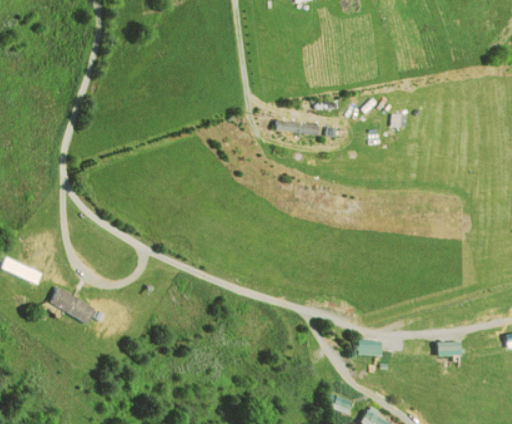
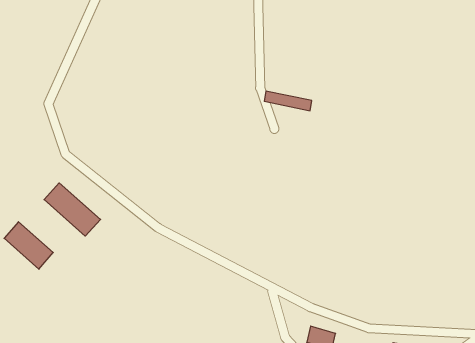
building: none -> [44,183,101,236]

